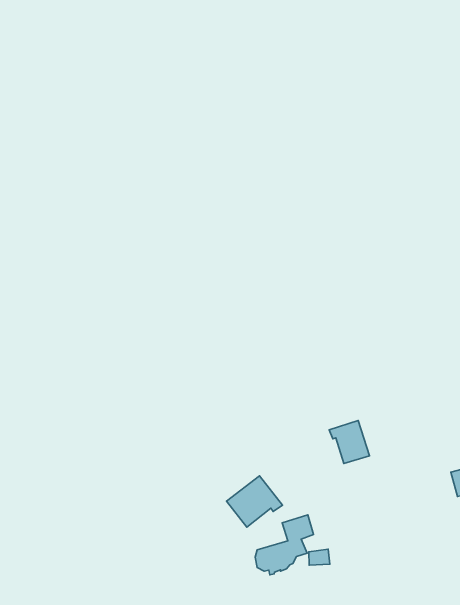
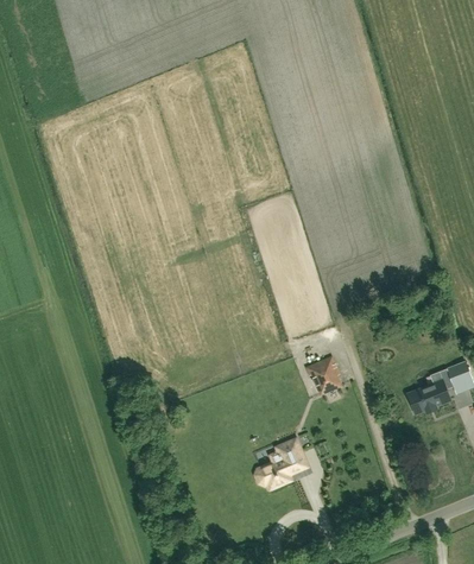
building: [226,476,282,527] -> none

